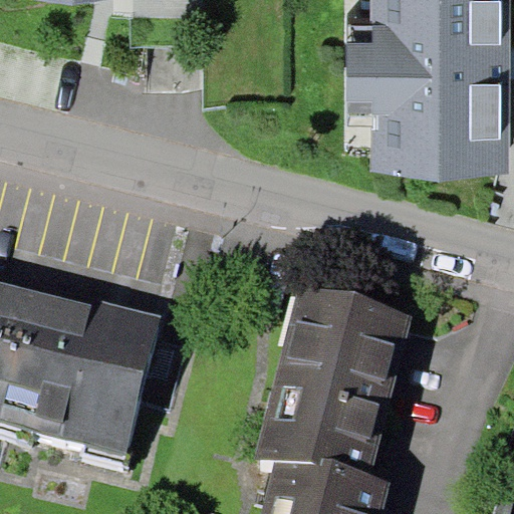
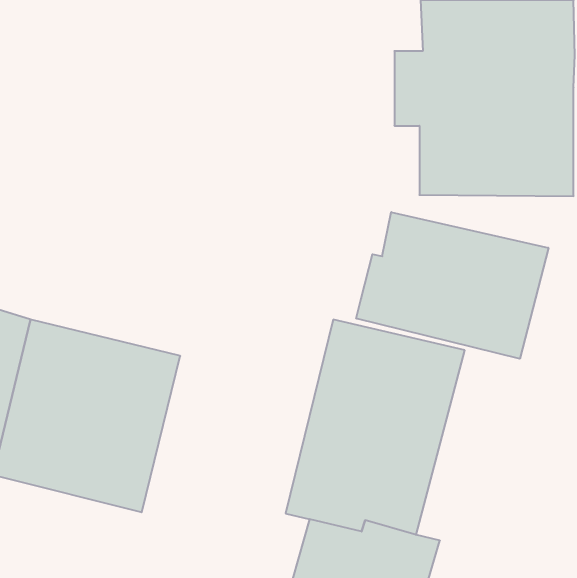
building: none -> [356,212,548,359]

